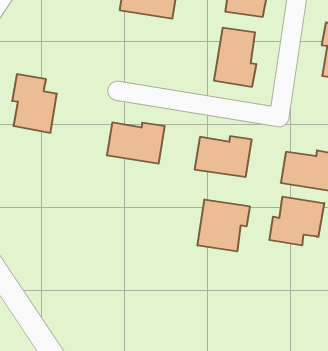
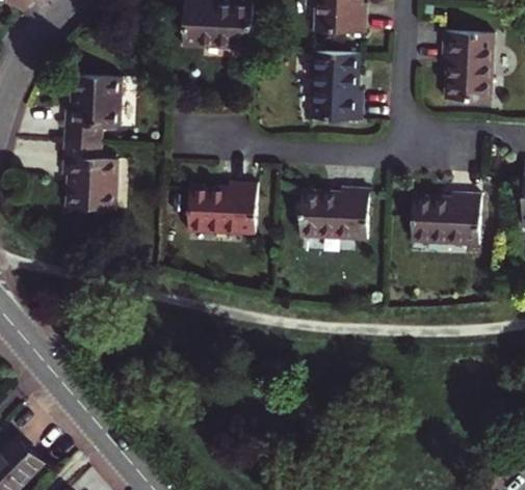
building: none -> [63,75,121,142]
building: [269,197,324,245] -> none
building: [198,199,250,251] -> none

